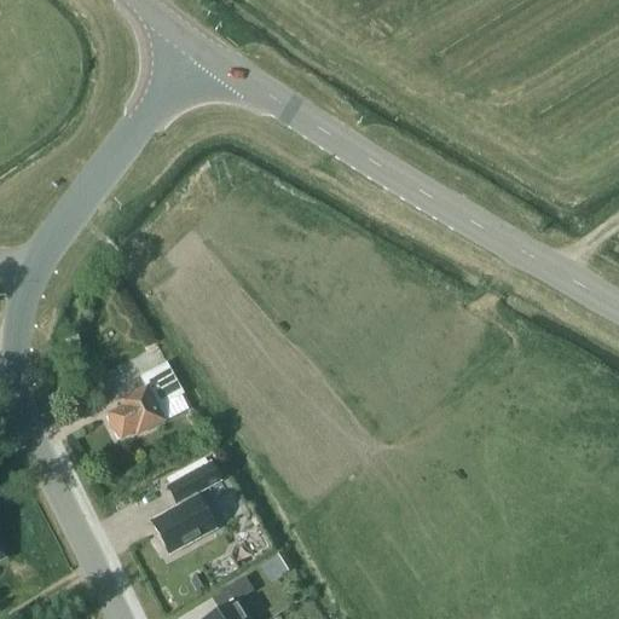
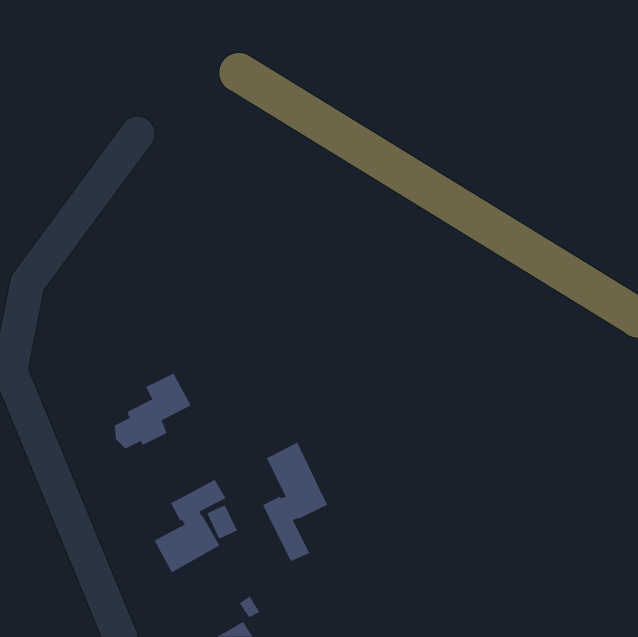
building: none -> [262,442,328,562]

